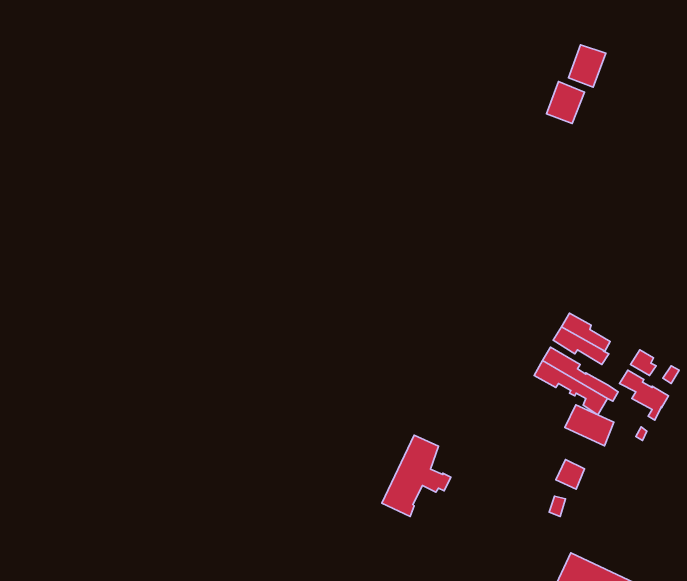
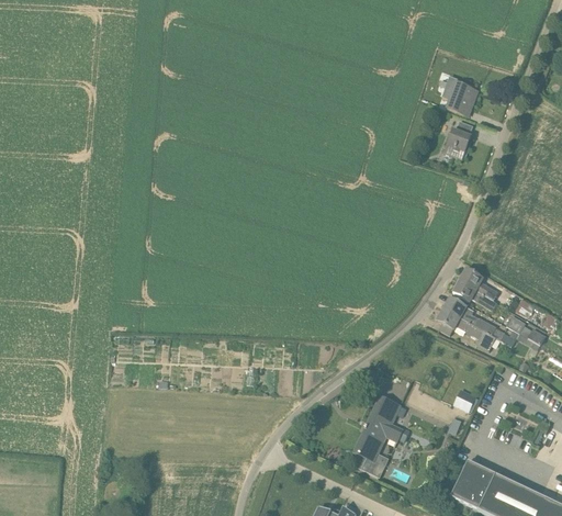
building: [569,45,606,87] -> none
building: none -> [443,120,472,158]
building: [565,405,614,446] -> none
building: [382,435,451,517] -> [353,395,409,461]

